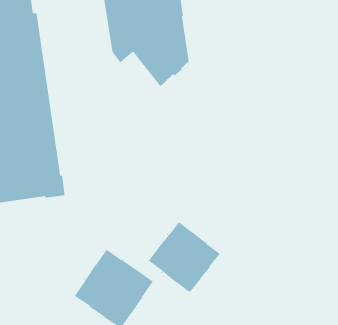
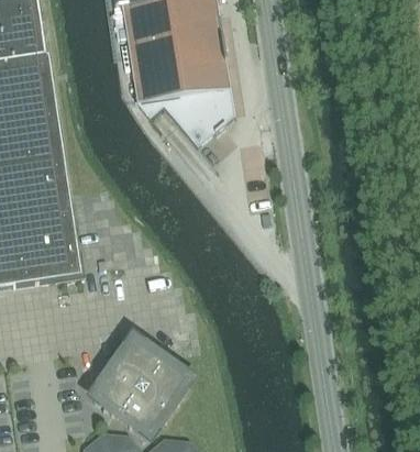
building: [148,221,221,293] -> none

